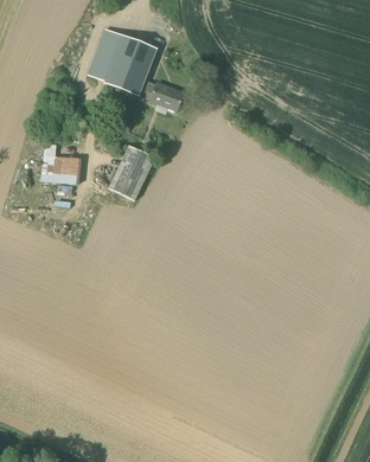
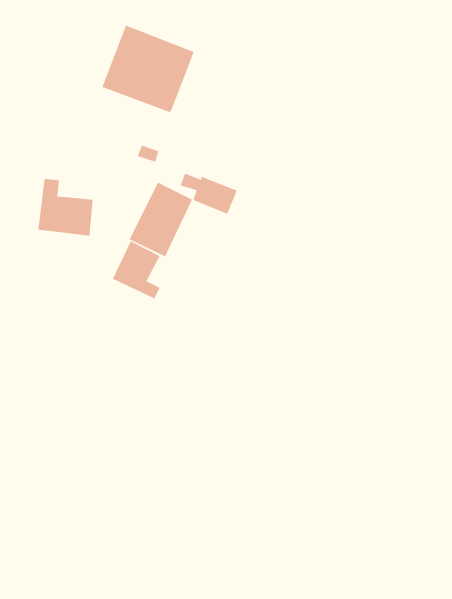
building: [141,81,184,111] -> [180,173,237,214]
building: none -> [112,240,160,299]

